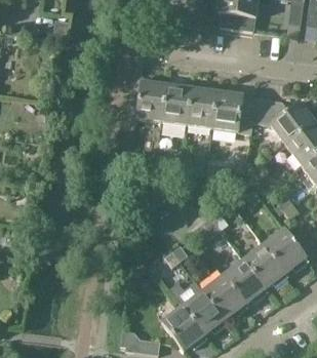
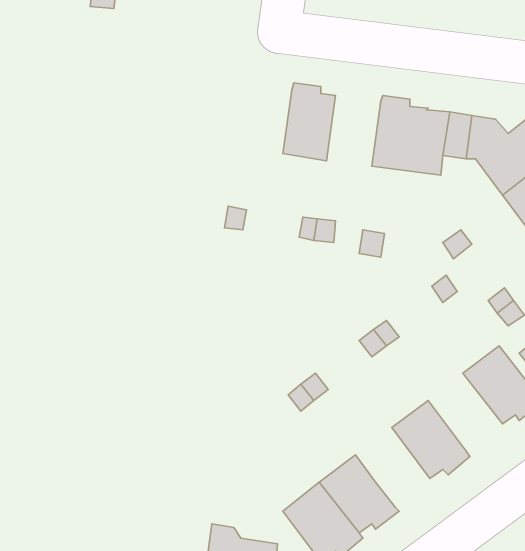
building: [134,77,166,120] -> none
building: [186,84,216,127] -> none
building: [243,244,287,288] -> none
building: [202,275,247,320] -> none

